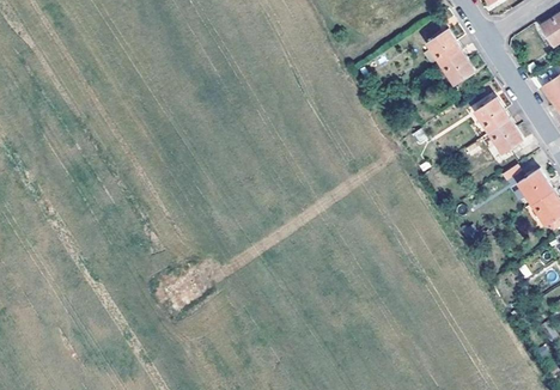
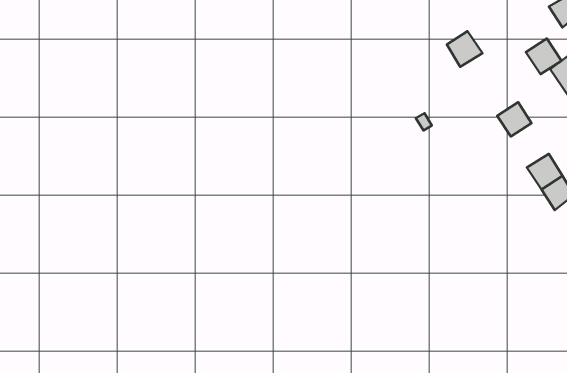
building: [427,28,461,62] -> none
building: [475,97,510,132] -> [526,39,562,74]

